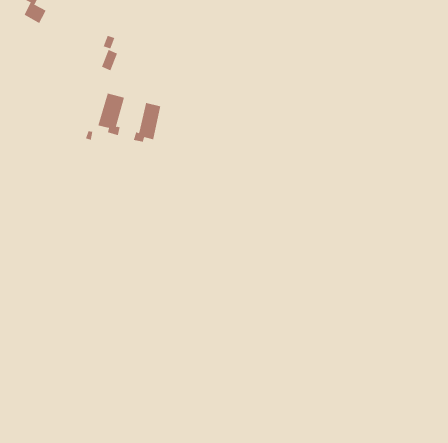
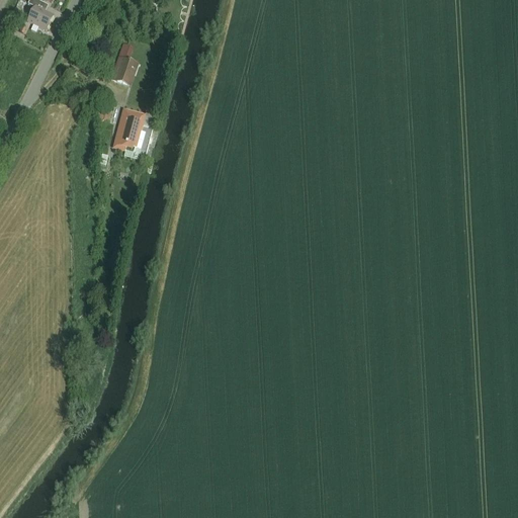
building: [133,102,161,142] -> none

